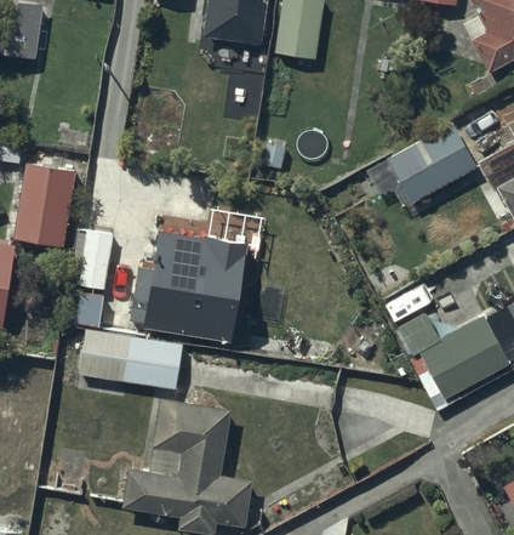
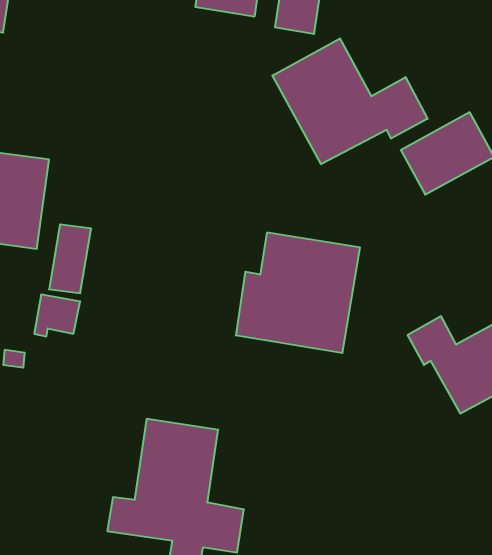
building: none -> [272,38,428,164]
building: [133,232,245,340] -> [236,233,360,353]
building: [80,335,181,388] -> none

